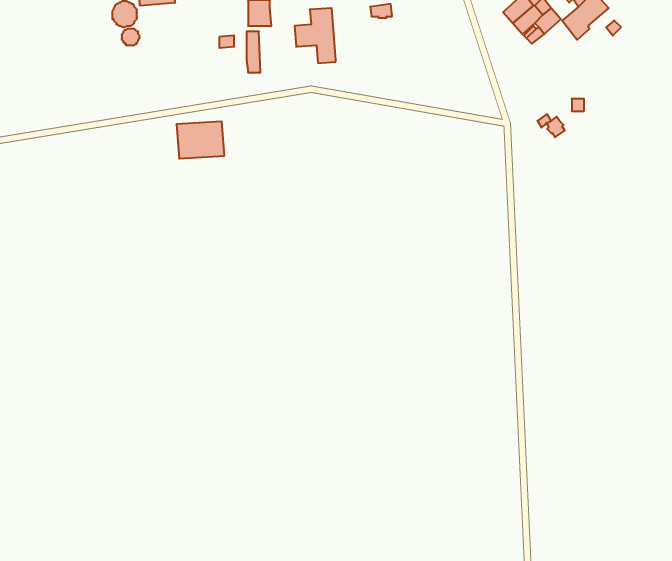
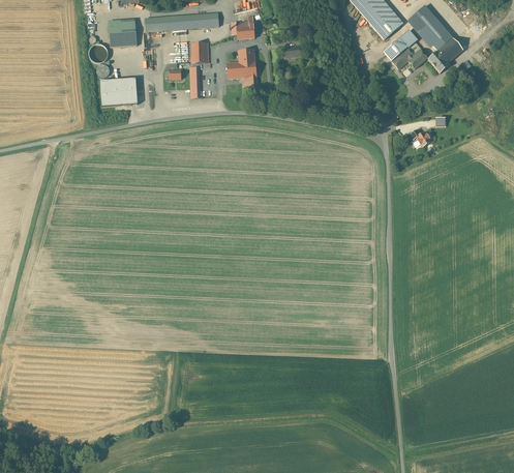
building: [176,121,224,159] -> [99,78,135,106]

